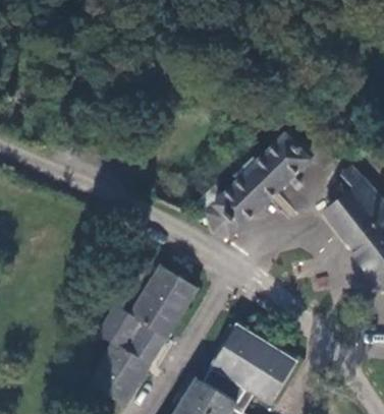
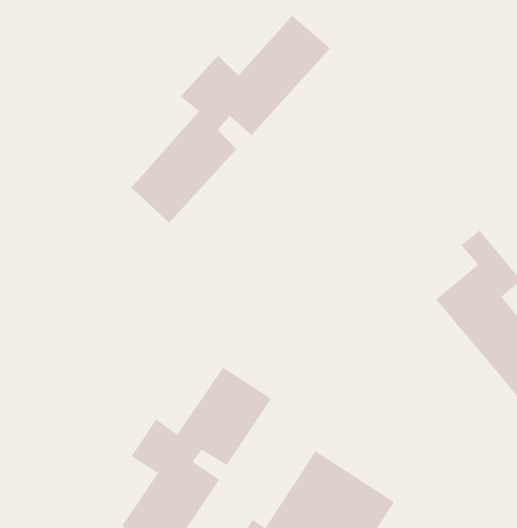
building: none -> [130,15,331,224]
building: [181,127,313,240] -> none

